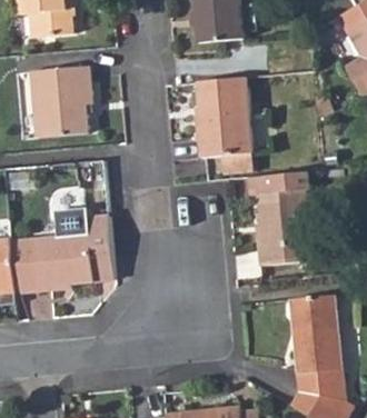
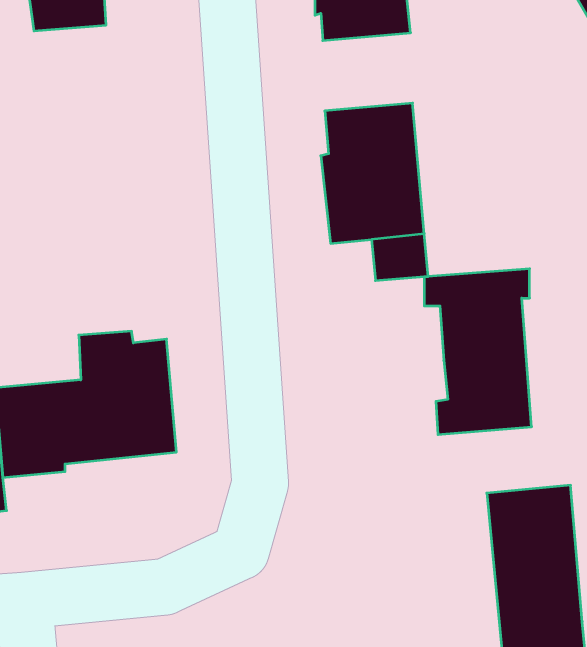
building: [28,66,90,135] -> none

